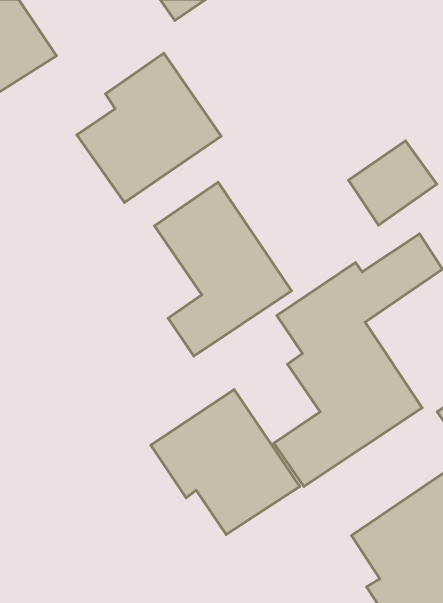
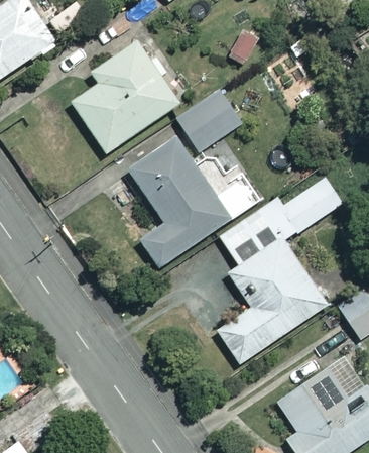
building: [349,141,437,225] -> [177,90,243,152]
building: [151,389,300,535] -> none

